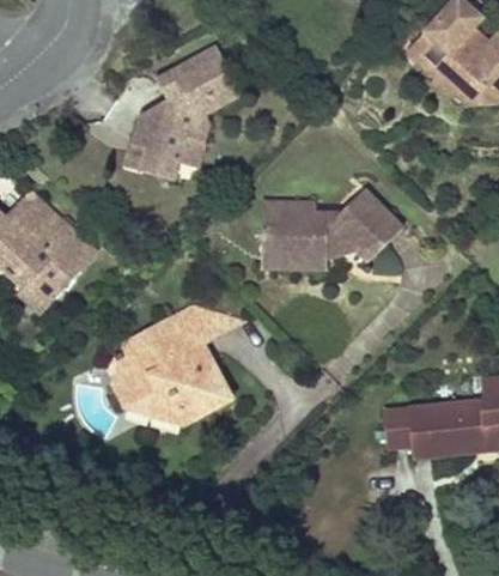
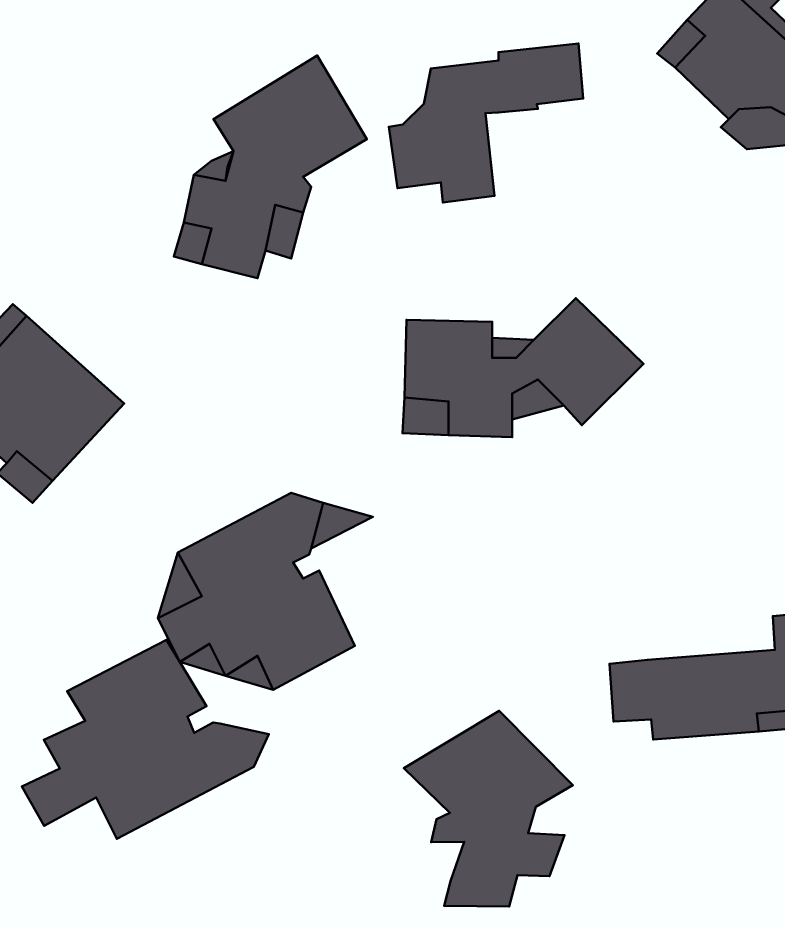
building: none -> [389,44,583,202]
building: none -> [22,640,269,839]
building: none -> [404,711,573,906]

